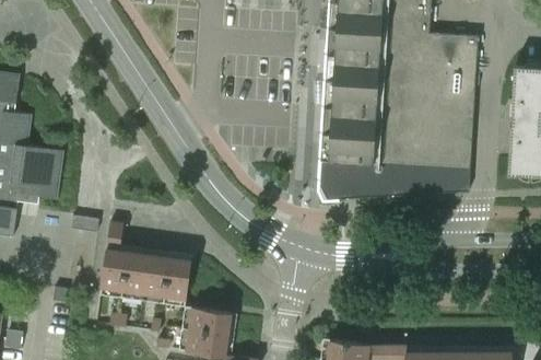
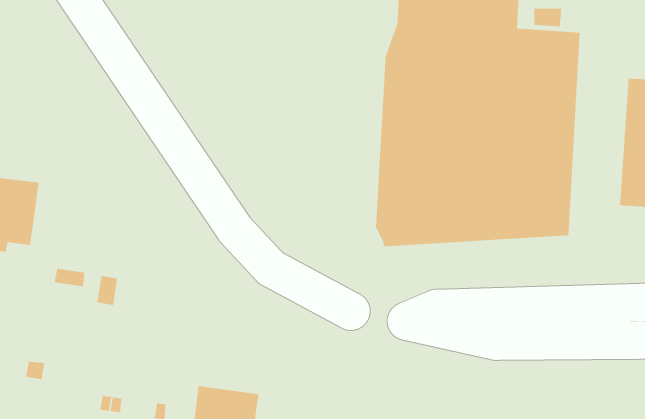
building: [98,248,190,307] -> none

